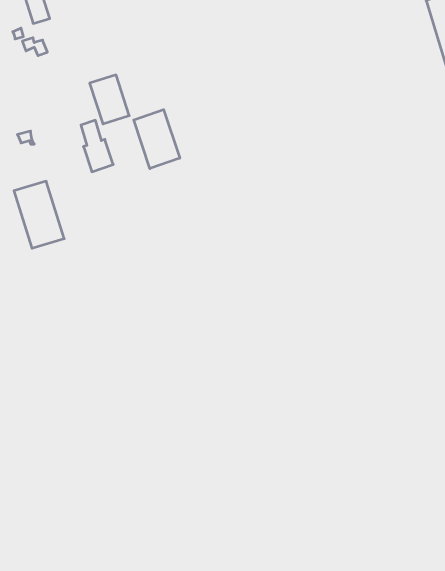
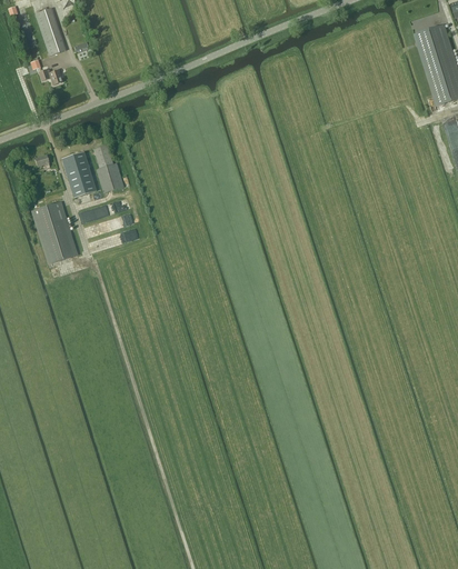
building: [90,75,129,124] -> [61,151,98,197]
building: [134,110,180,169] -> none

